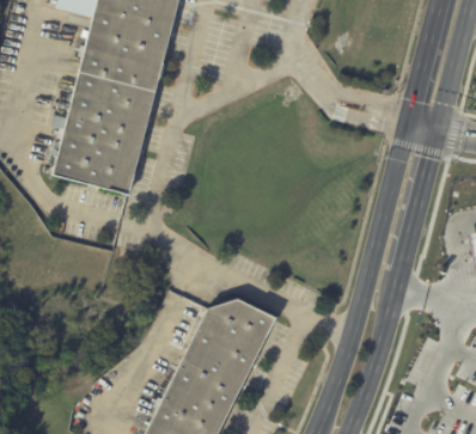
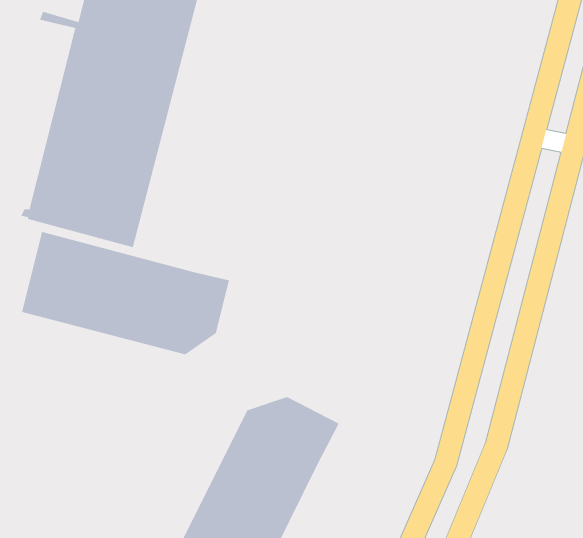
building: none -> [22,231,229,355]

